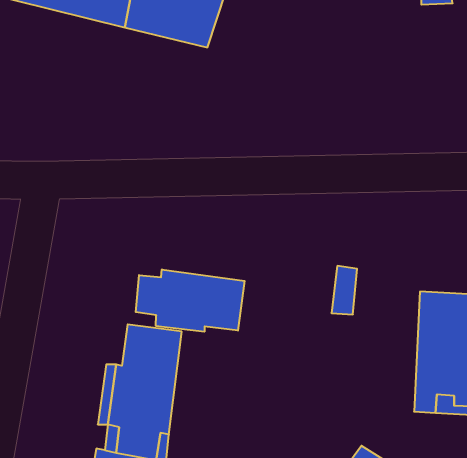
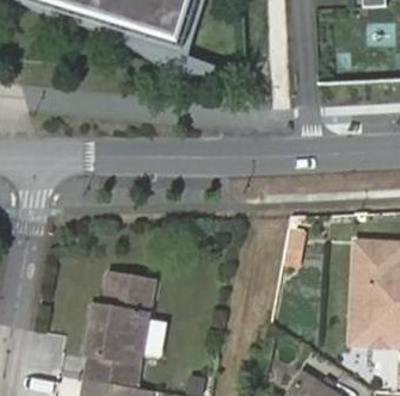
building: [136,269,245,332] -> none

